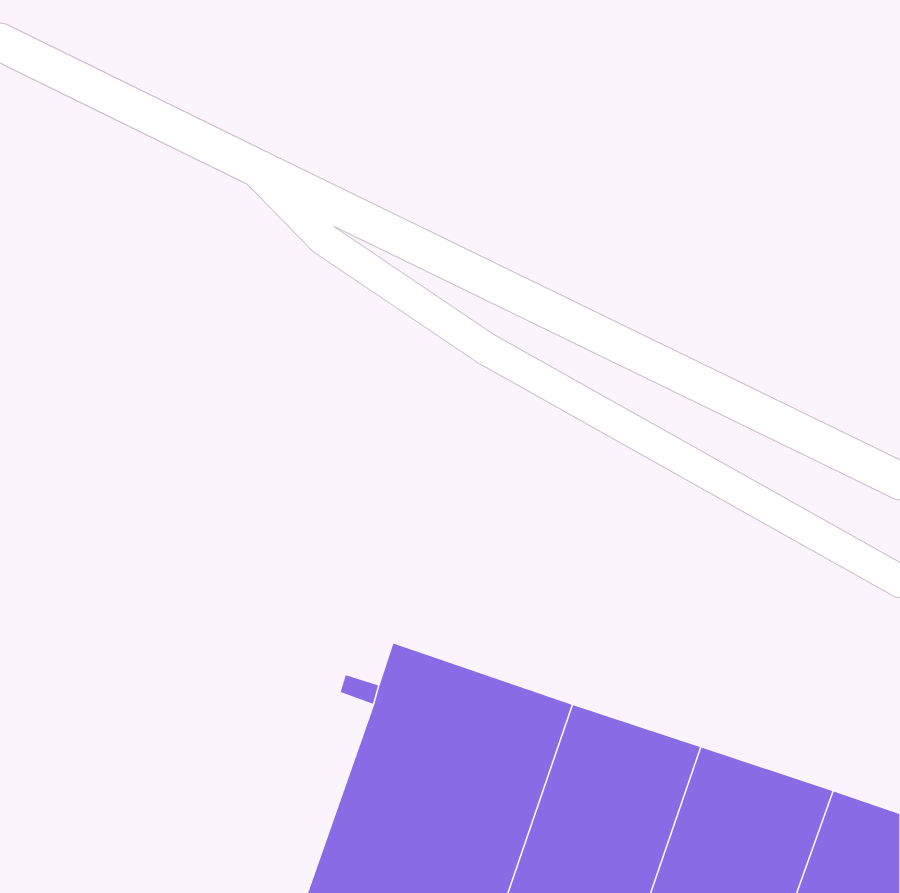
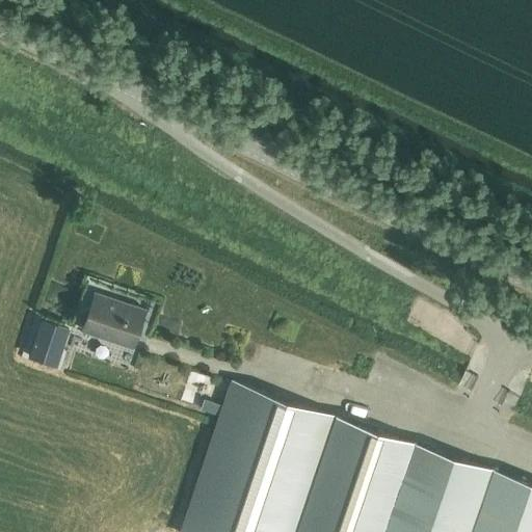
building: none -> [82,295,144,350]
building: none -> [28,323,69,370]

